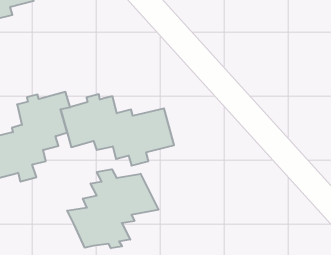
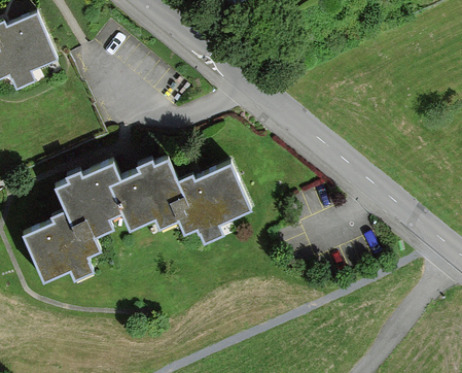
building: [67,169,158,248] -> none

